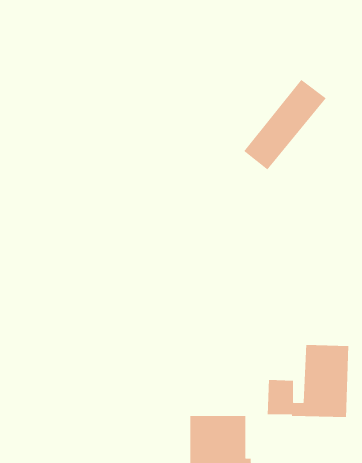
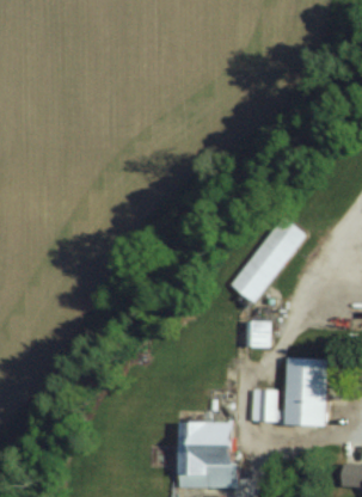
building: [243,79,327,170] -> [229,217,307,302]
building: none -> [245,321,269,348]

